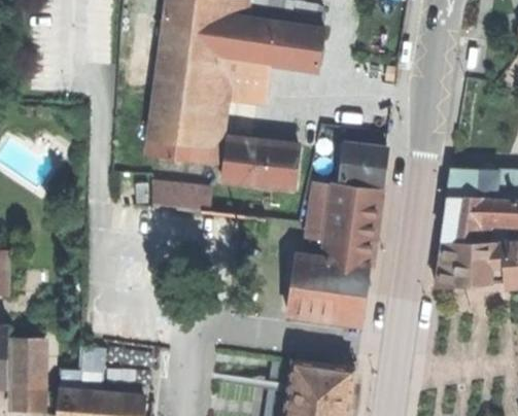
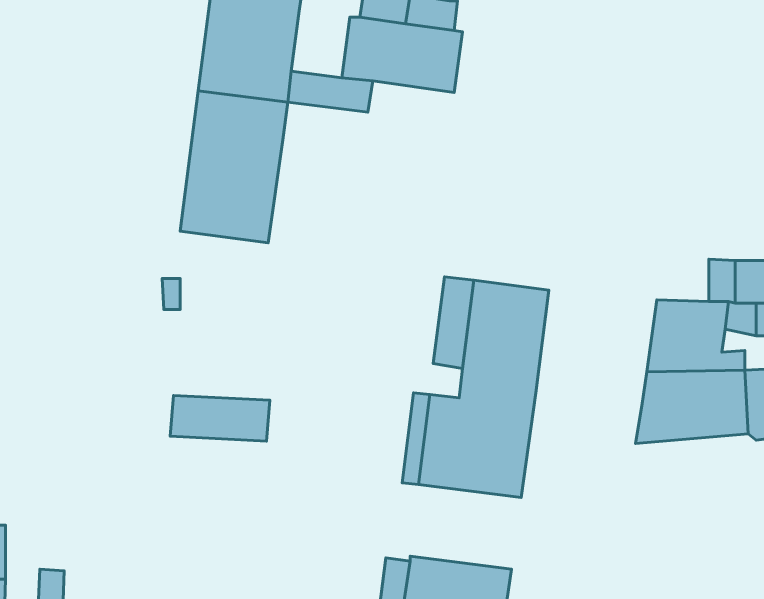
building: [217,15,254,58] -> none
building: [212,73,266,104] -> none
building: [221,137,300,188] -> none
building: [342,142,386,185] -> none
building: [448,171,481,199] -> none
building: [149,178,212,207] -> [170,395,270,441]

